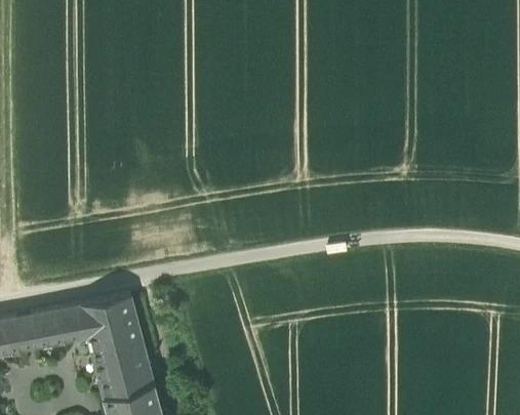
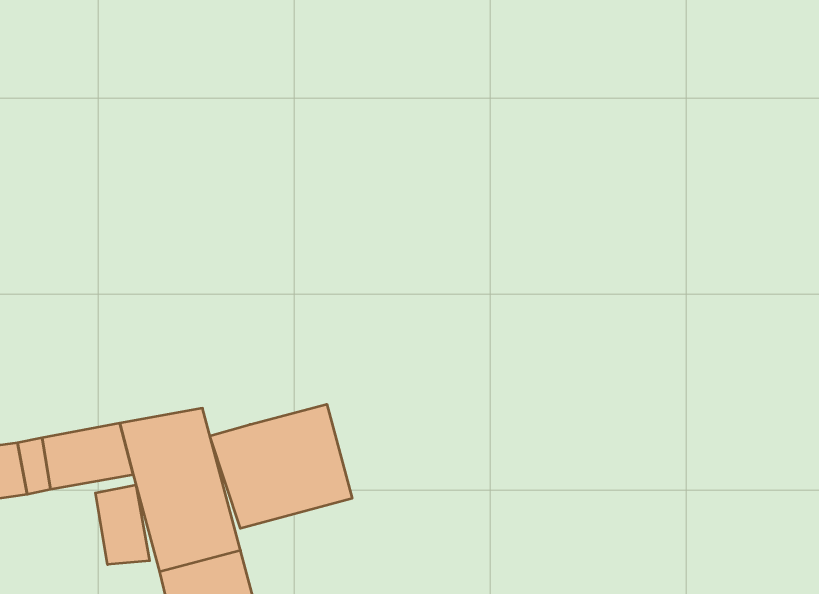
building: none -> [210,404,352,528]
building: none -> [95,485,150,565]

